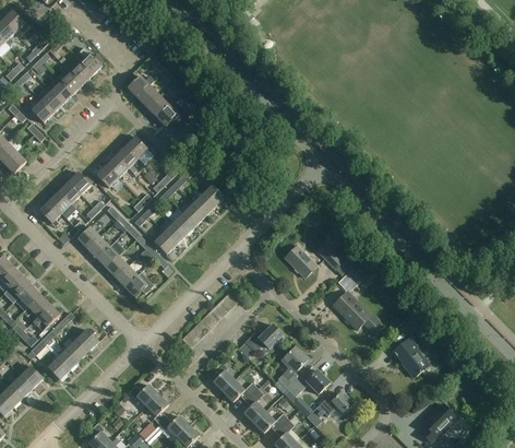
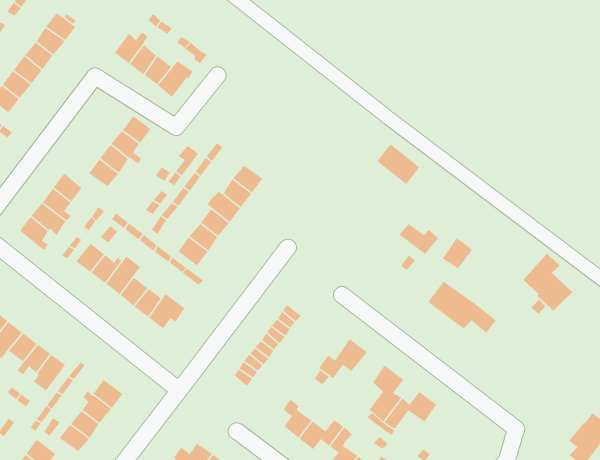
building: [285,245,316,278] -> [377,143,420,185]
building: [393,333,429,377] -> [522,253,573,311]
building: [318,392,352,416] -> none

